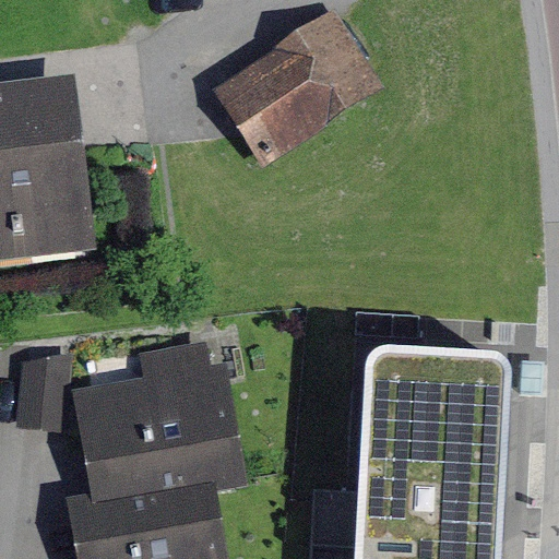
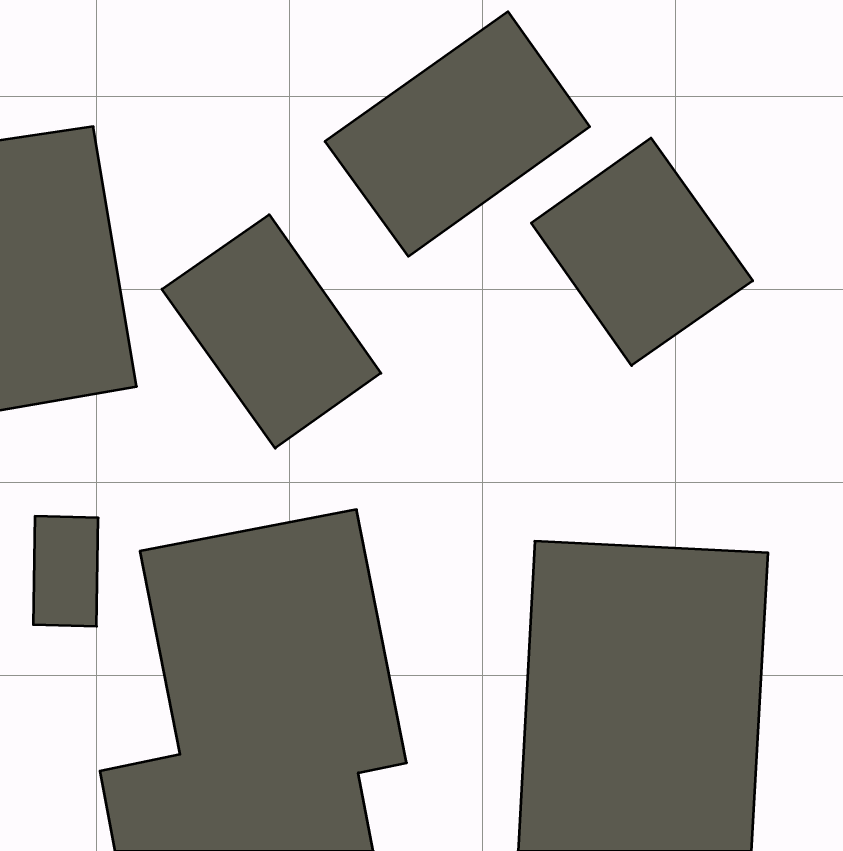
building: none -> [531,138,753,366]
building: none -> [162,215,381,448]

